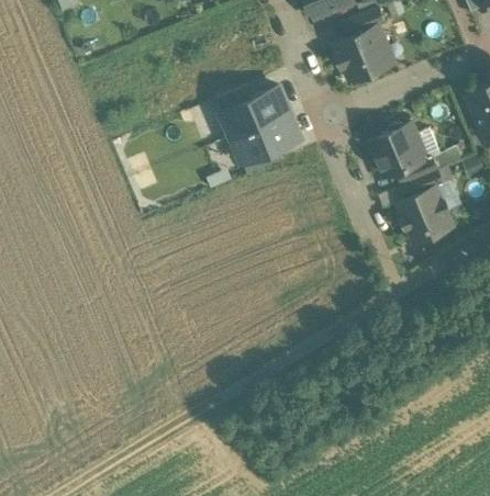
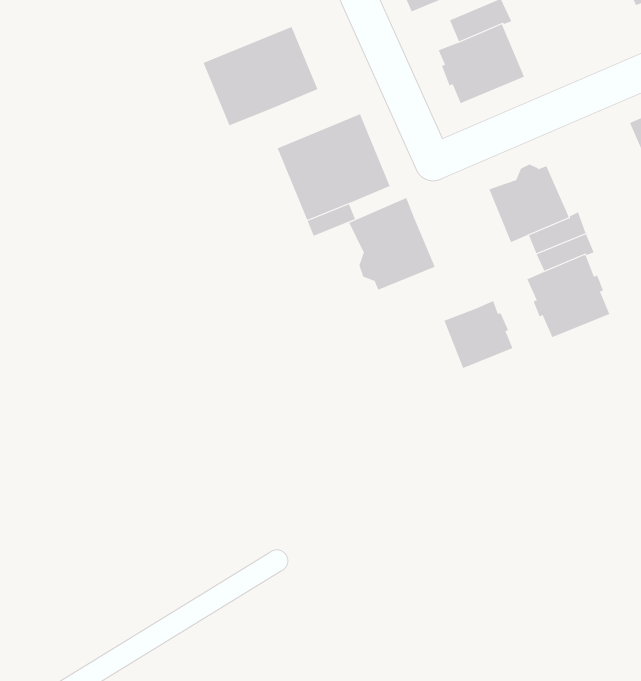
building: none -> [203,26,318,126]
building: none -> [348,197,435,291]
building: none -> [443,300,513,369]

